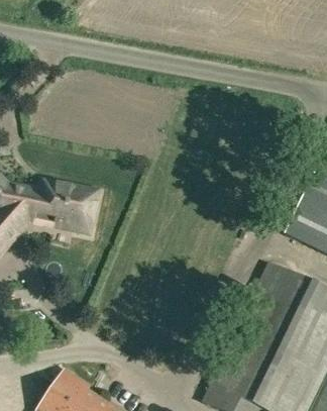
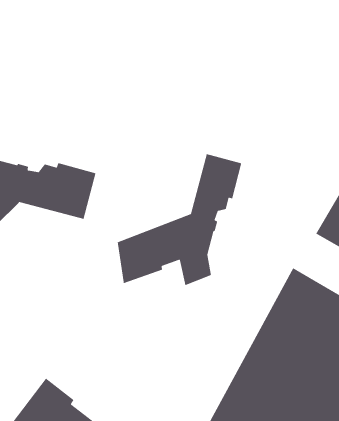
building: none -> [117,153,242,286]

